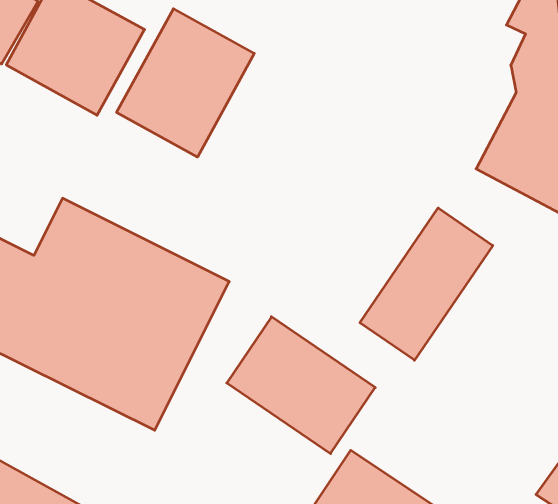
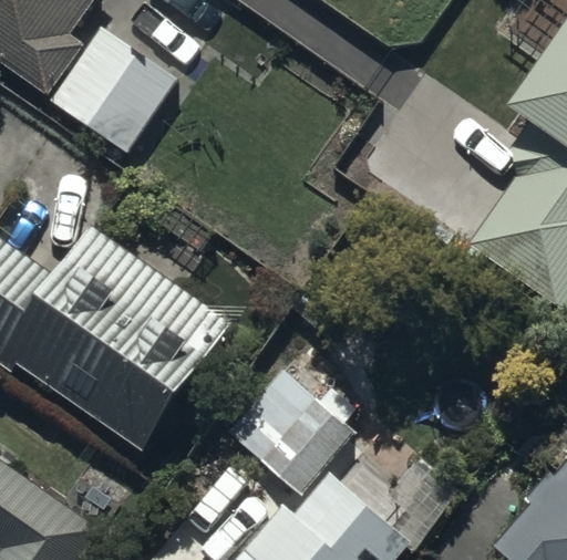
building: [117,9,254,157] -> none
building: [360,208,493,360] -> none

